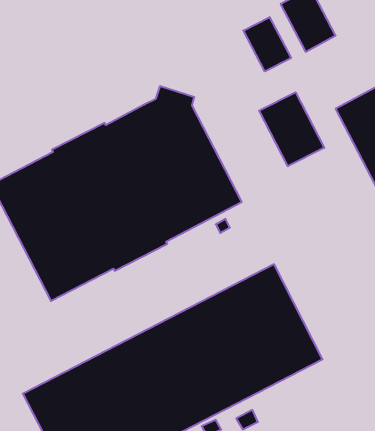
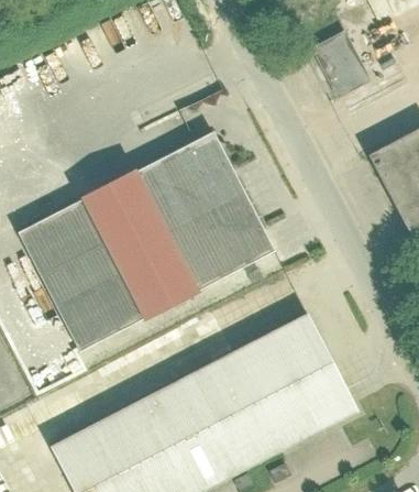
building: [243,17,291,71] -> none
building: [259,92,324,166] -> none

